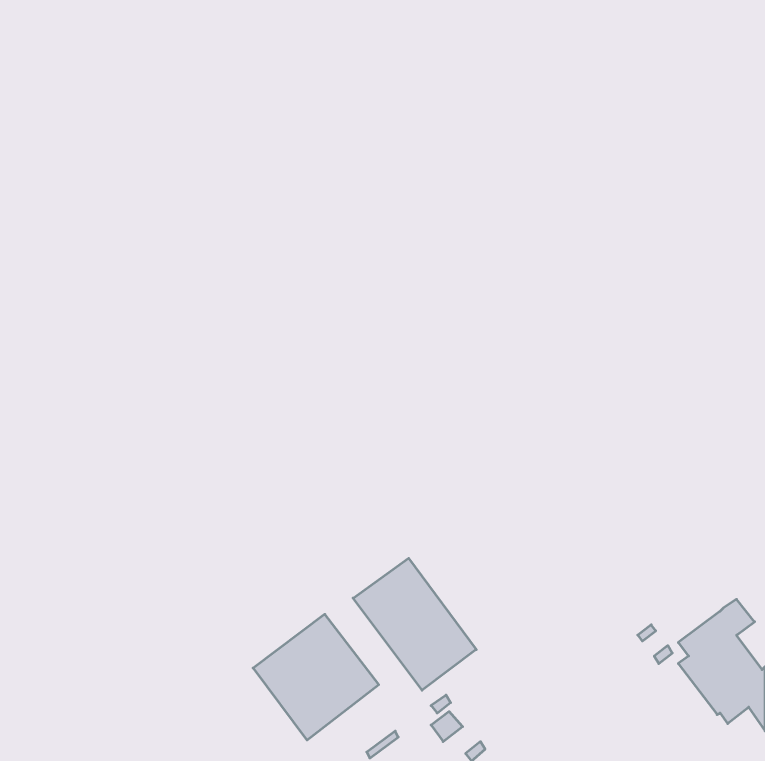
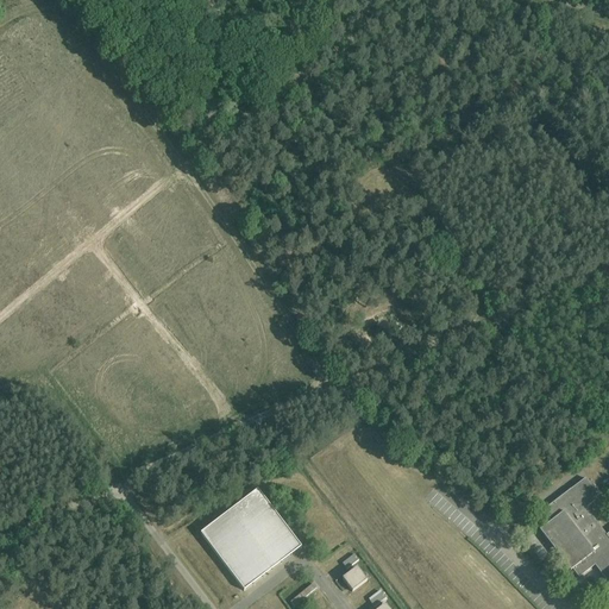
building: [353,558,476,690] -> none

